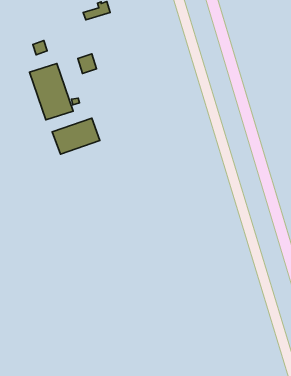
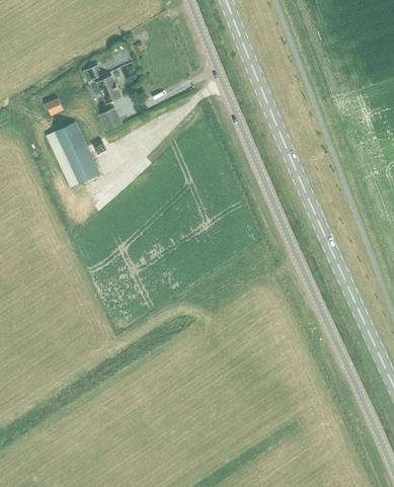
building: none -> [83,65,122,104]
building: [52,118,100,154] -> none

